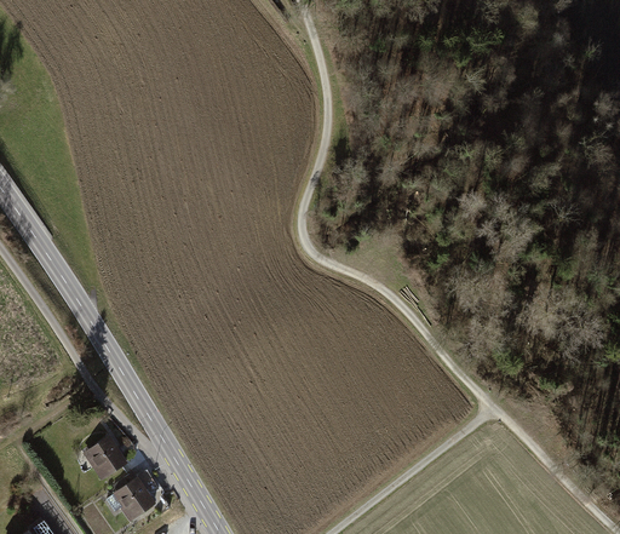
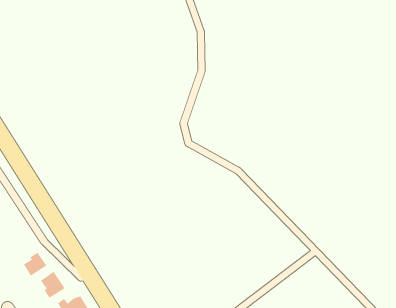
building: none -> [23,252,47,277]

